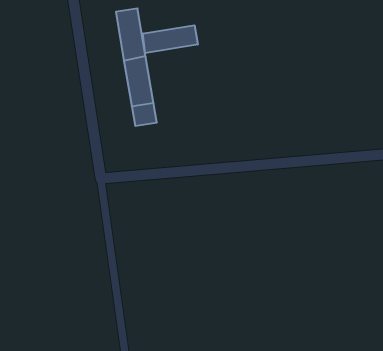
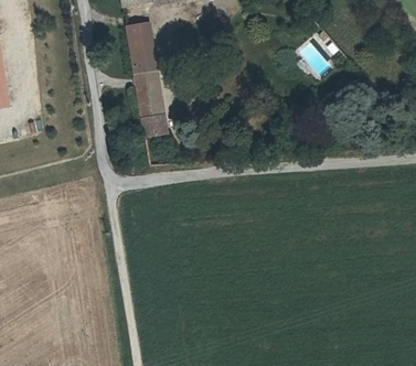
building: [143,25,198,53] -> none

